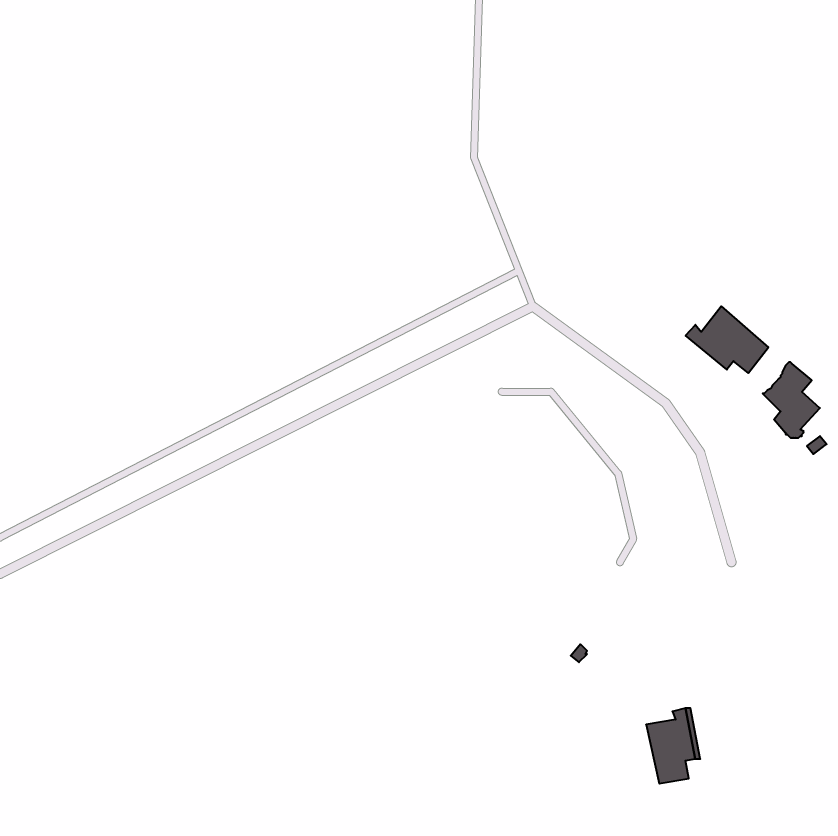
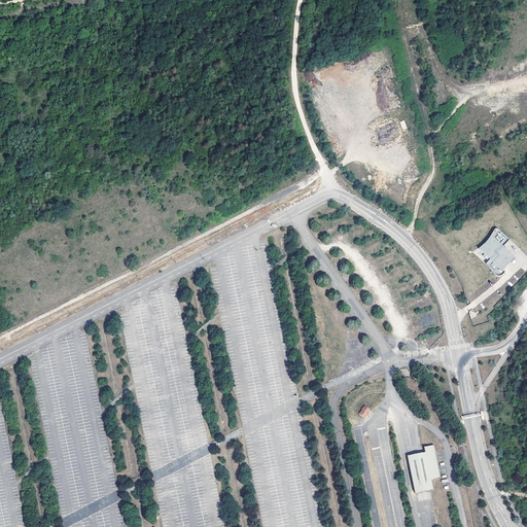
building: [686,306,768,373] -> none

